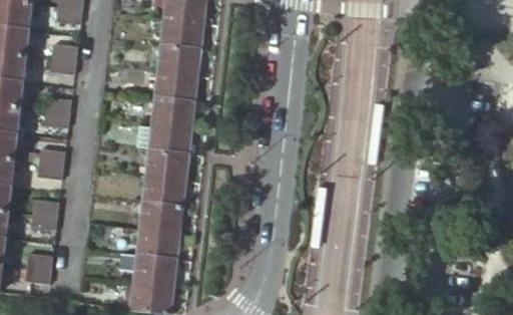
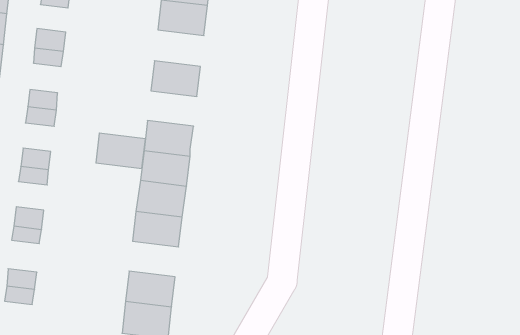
building: [157,43,200,75] -> none
building: [151,96,194,127] -> [96,133,145,169]
building: [135,228,178,259] -> none

